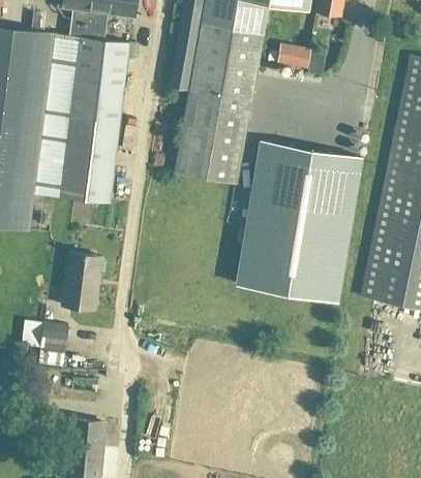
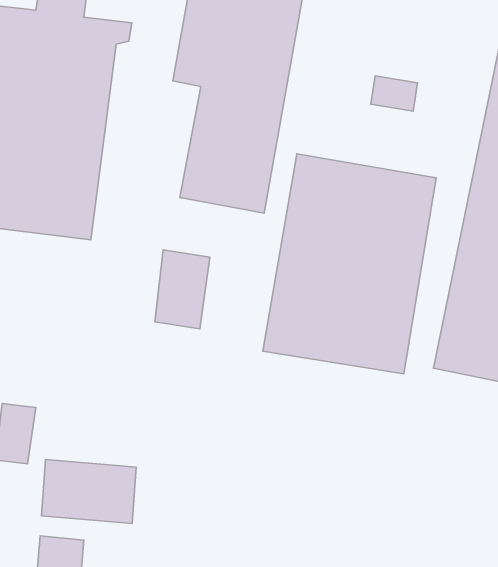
building: [276,43,310,69] -> [371,76,417,111]
building: [61,253,101,311] -> [155,250,210,329]
building: none -> [41,460,136,523]

